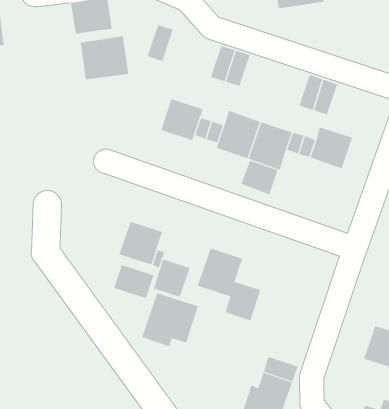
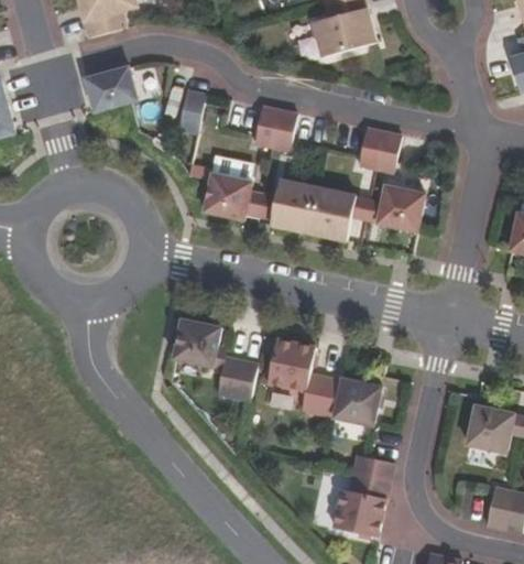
building: [80,35,129,80] -> none
building: [241,160,278,195] -> none
building: [114,264,154,299] -> none
building: none -> [332,377,381,425]
building: [141,292,199,347] -> none

